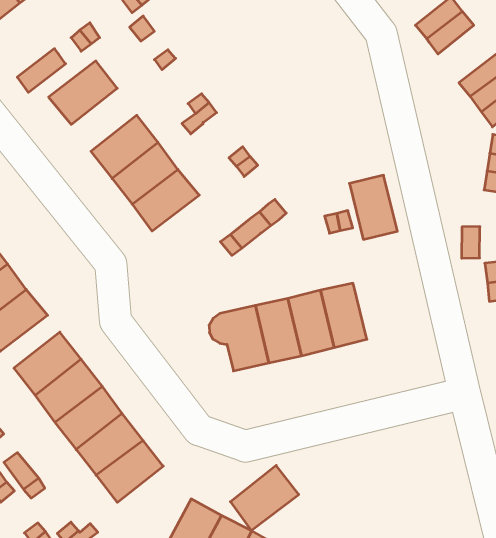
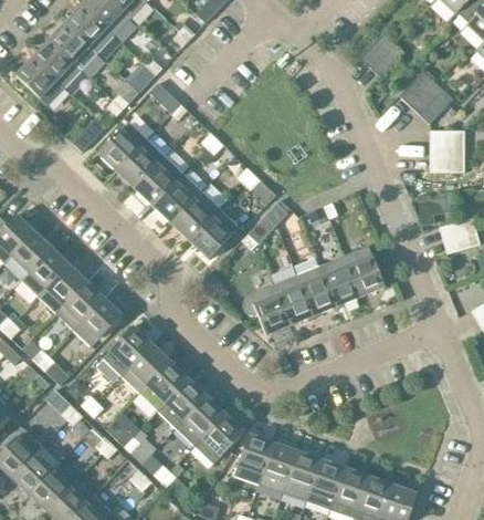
building: none -> [117,138,165,188]
building: [349,175,397,239] -> [344,246,385,295]
building: none -> [189,208,239,259]
building: [230,465,299,530] -> [194,413,244,464]

